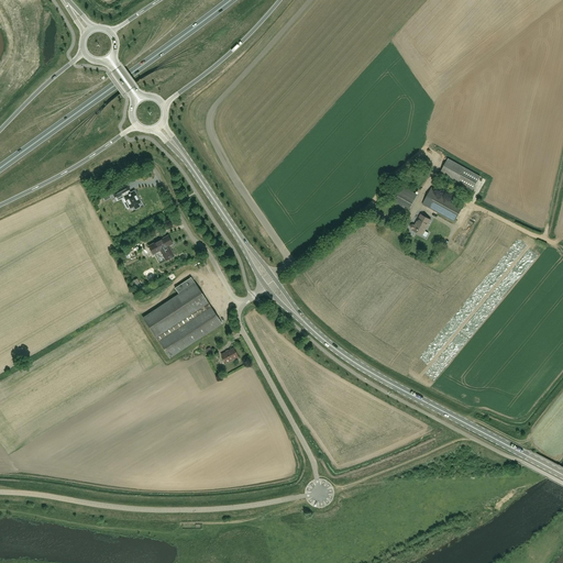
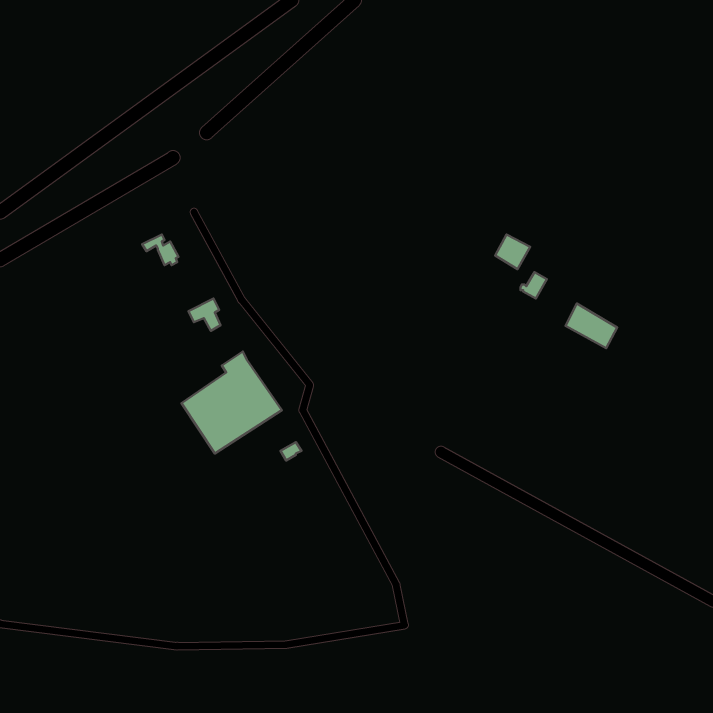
building: [440,158,481,190] -> none
building: [422,187,463,222] -> [566,304,617,348]

